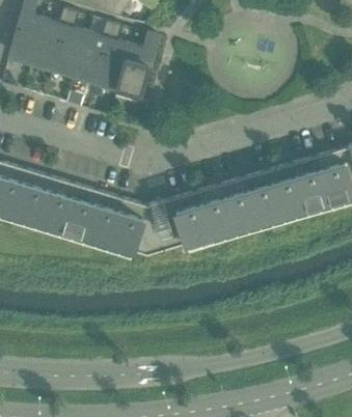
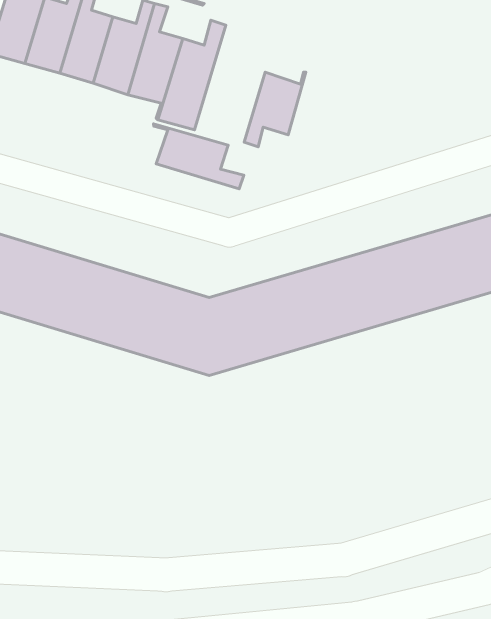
building: none -> [244,72,306,147]
building: none -> [153,124,244,189]

